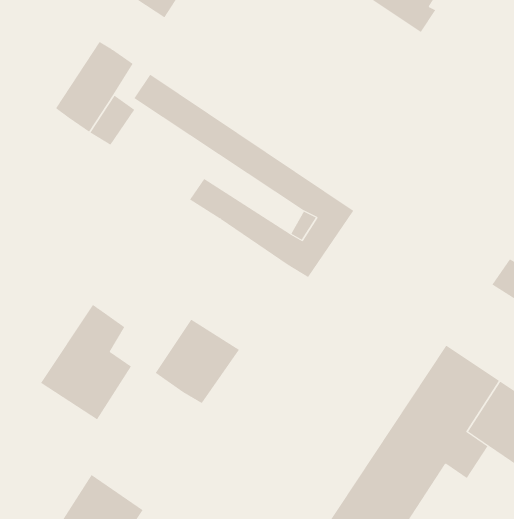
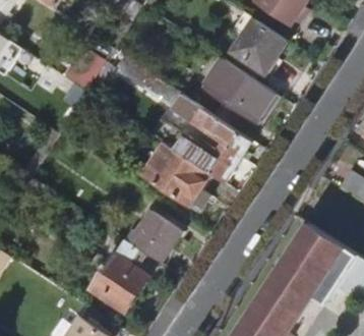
building: none -> [232,20,284,73]
building: none -> [196,57,272,125]
building: none -> [145,146,207,207]
building: [40,304,132,420] -> [89,239,146,312]

